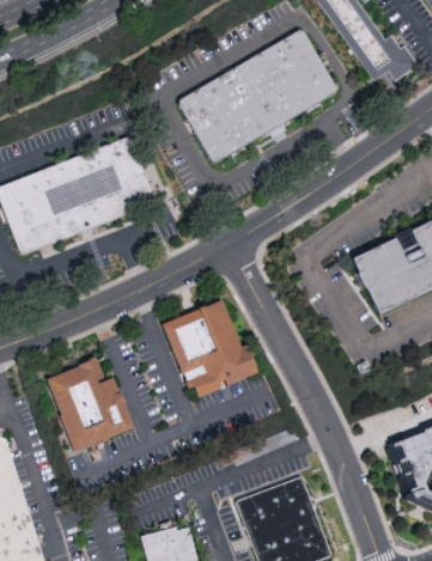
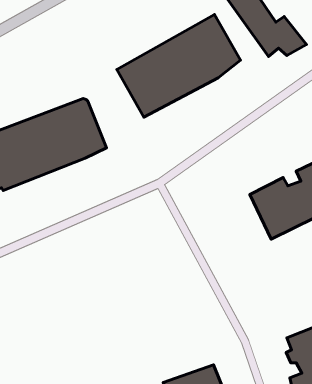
building: [160,300,258,396] -> none
building: [43,356,134,452] -> none

